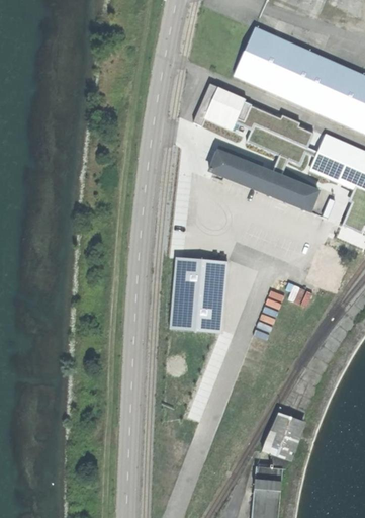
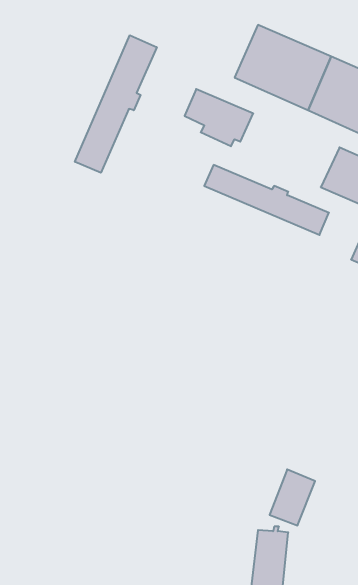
building: none -> [75,35,157,173]
building: [169,259,227,332] -> none

